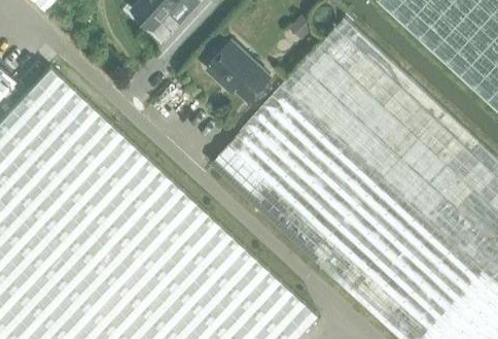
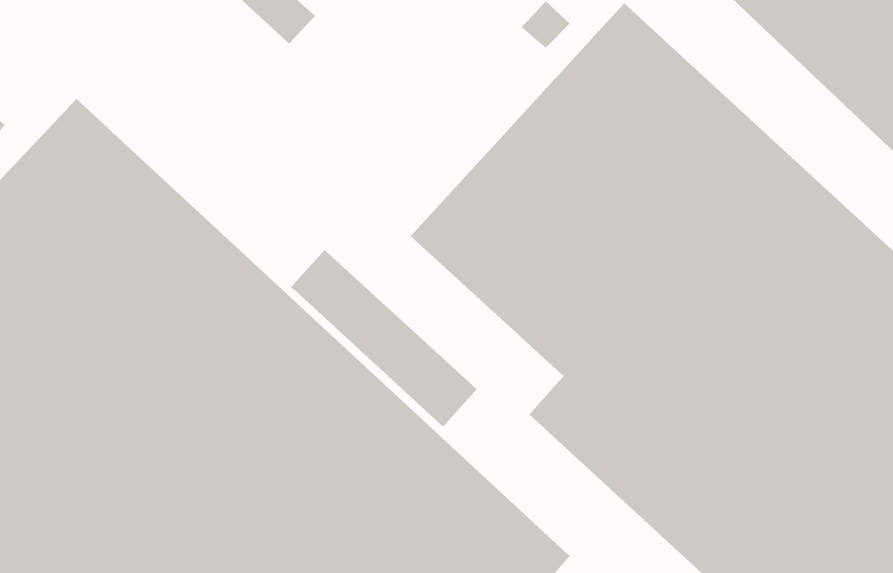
building: [207,40,271,101] -> none
building: [210,143,311,239] -> [290,249,478,427]

